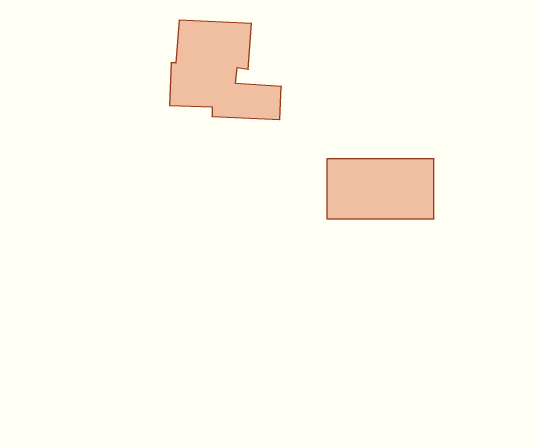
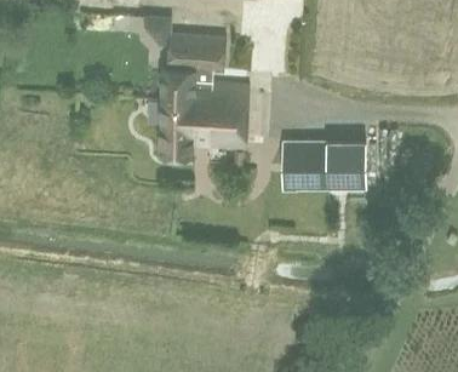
building: none -> [159,98,246,154]

